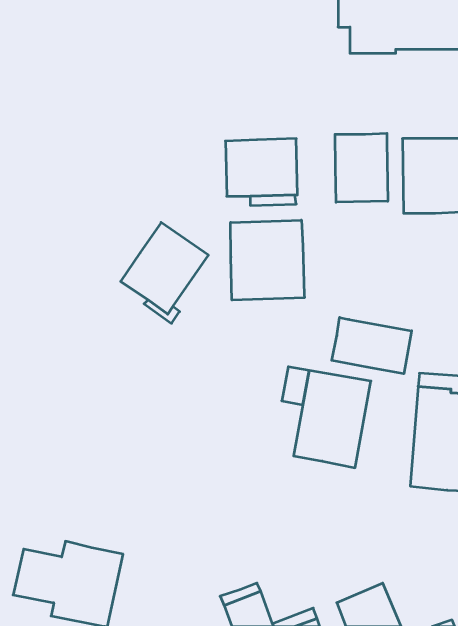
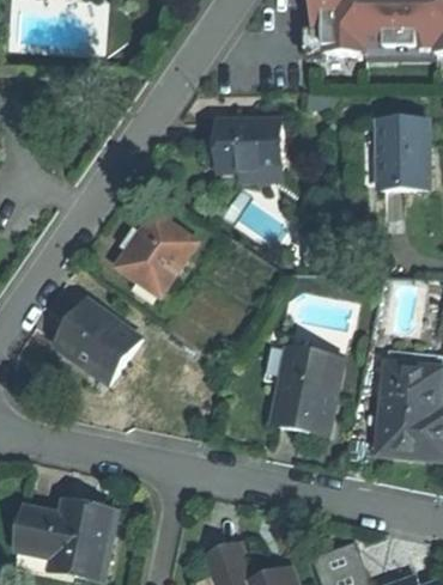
building: [335,133,388,202] -> none
building: [231,220,304,300] -> none
building: [332,317,412,374] -> none
building: none -> [54,297,141,382]

